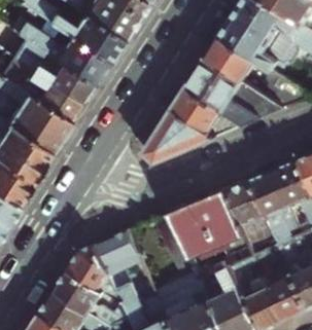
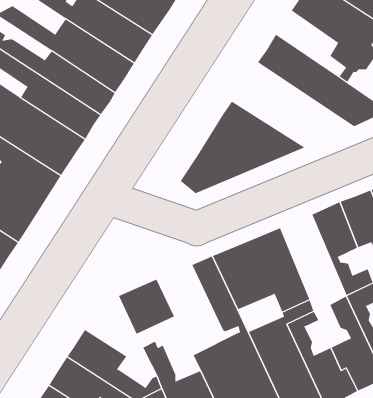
building: [223,15,279,68] -> none
building: [188,57,286,124] -> none
building: [228,178,280,255] -> none
building: [71,243,125,300] -> none

